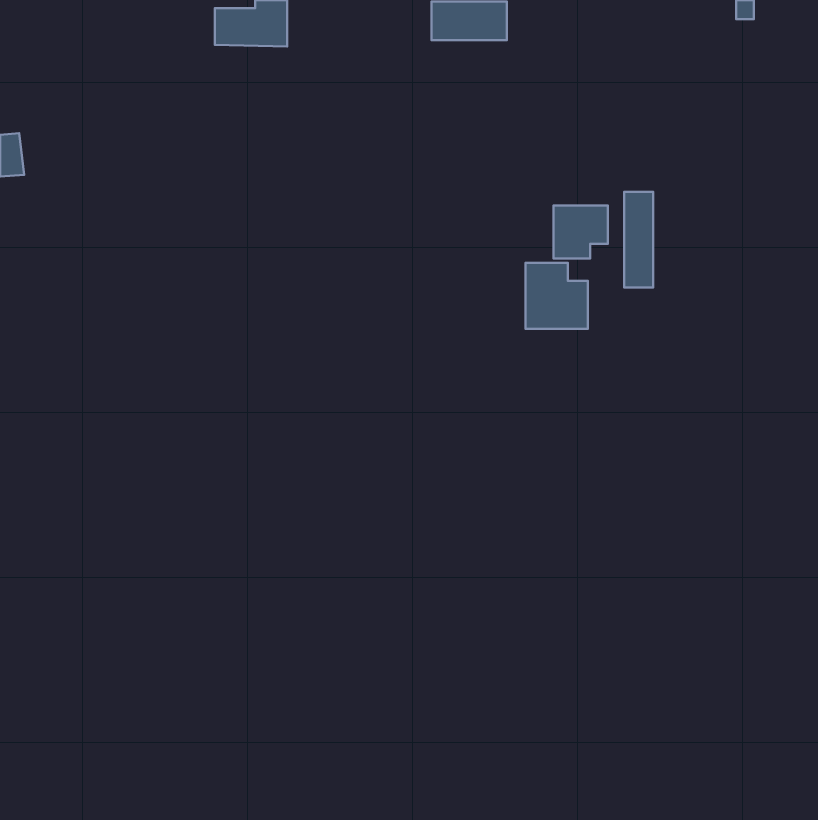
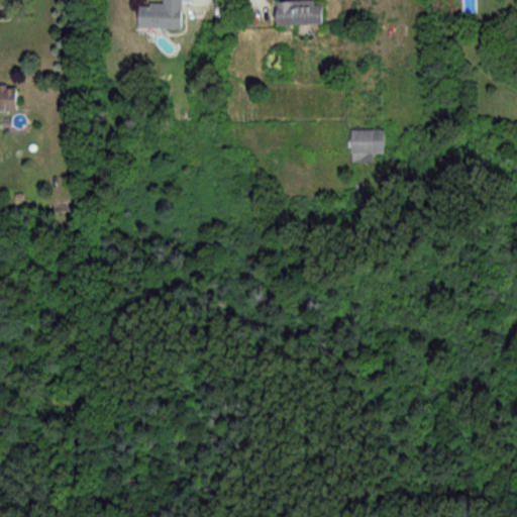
building: [624,192,653,288] -> none
building: [525,263,588,329] -> none

